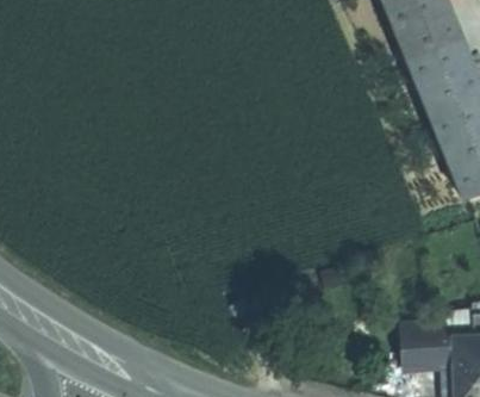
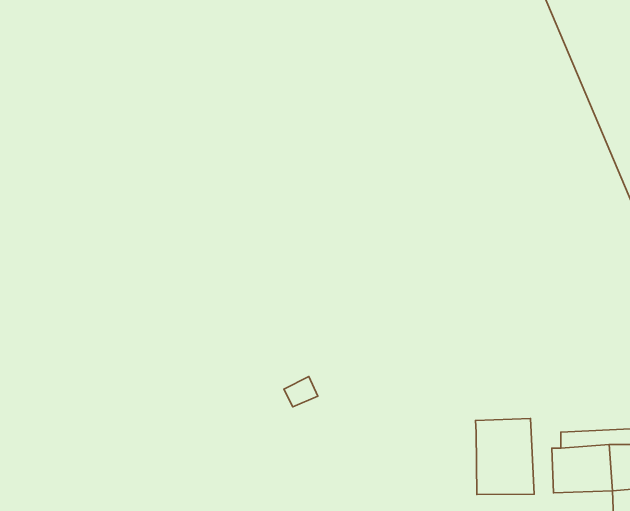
building: none -> [475,418,534,494]

